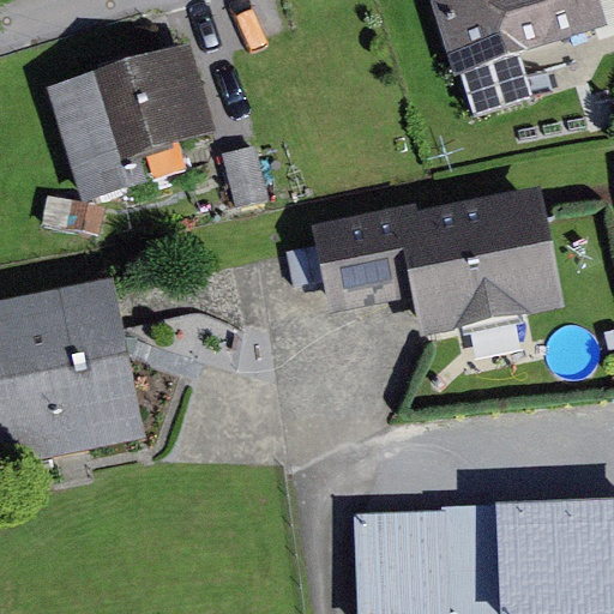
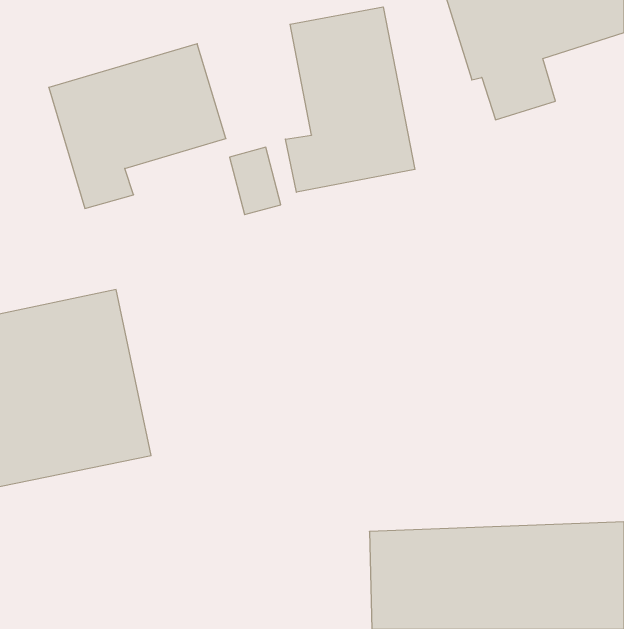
building: none -> [285,7,415,192]
building: [312,187,564,336] -> none

